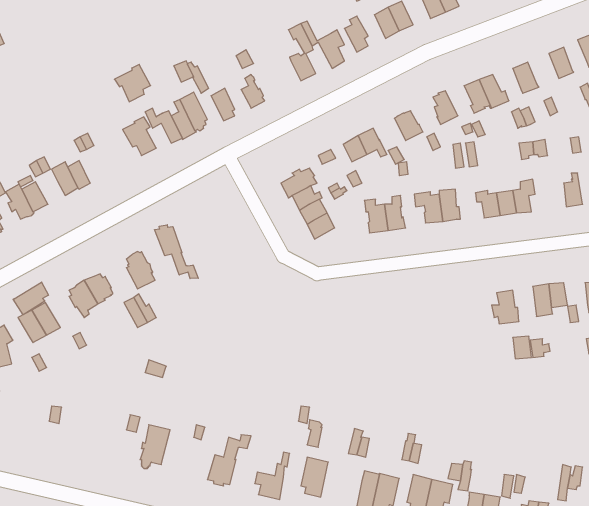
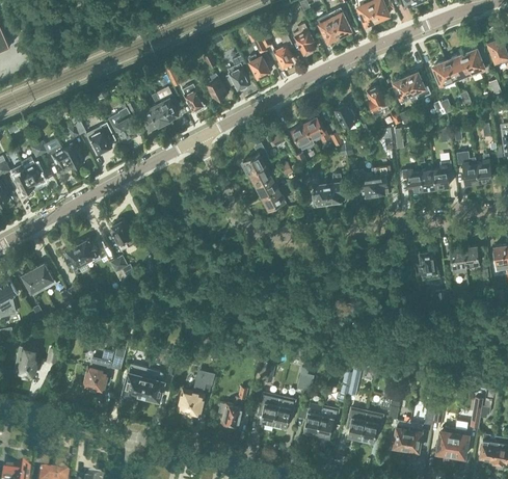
building: none -> [224,55,248,89]
building: none -> [446,55,472,81]
building: [114,64,151,102] -> [85,123,115,154]
building: none -> [455,152,478,185]
building: [155,225,198,279] -> none
building: [13,282,48,315] -> none
building: none -> [14,346,37,377]
building: none -> [83,355,111,392]
building: none -> [140,369,164,400]
building: none -> [273,396,296,428]

